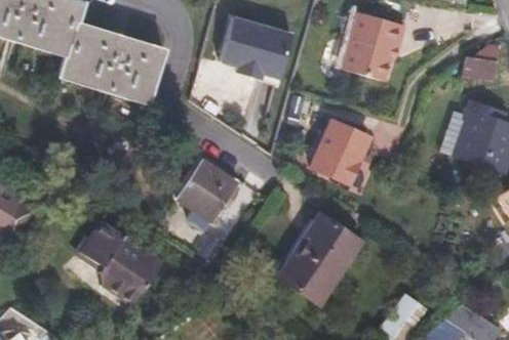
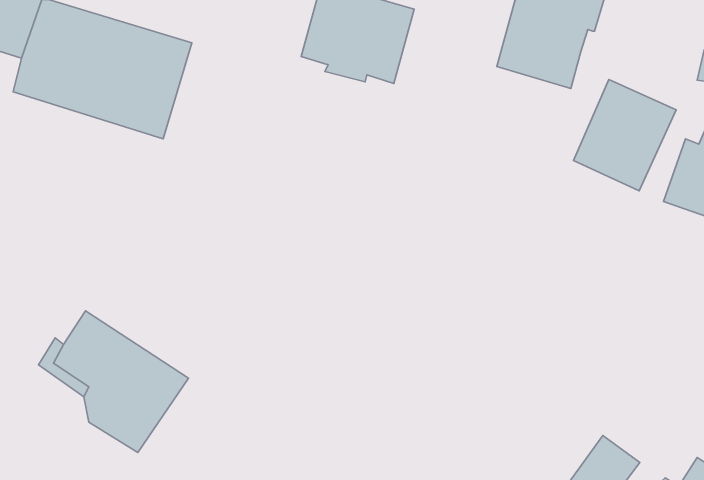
building: [312,116,375,183] -> [573,80,676,191]
building: [183,159,242,218] -> none
building: [289,219,373,309] -> none

